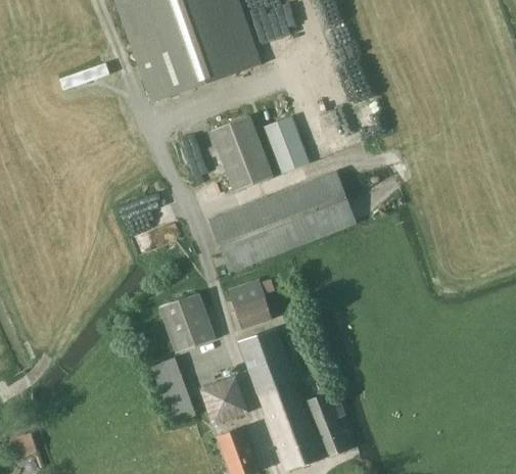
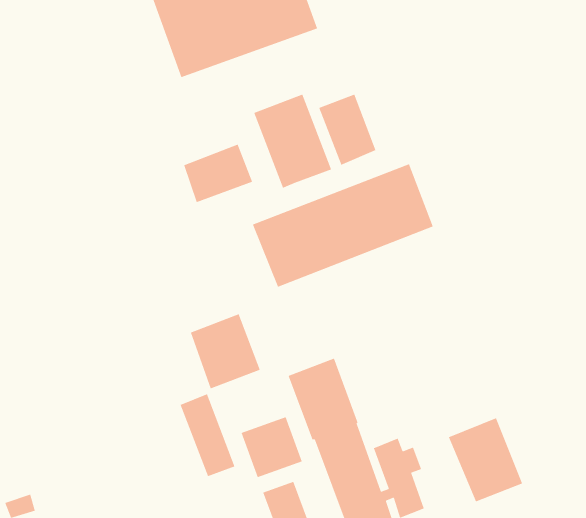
building: none -> [183,144,253,203]
building: [228,277,275,329] -> none
building: none -> [448,417,523,502]

